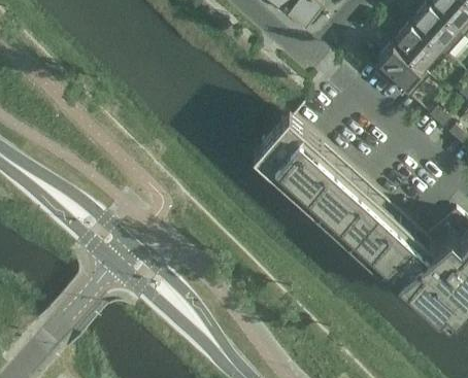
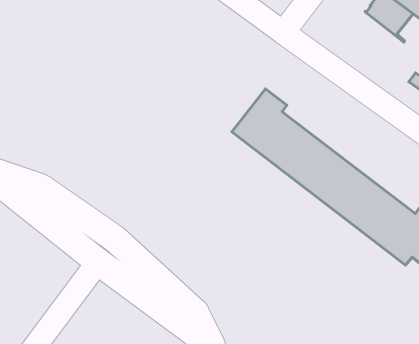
building: [370,48,424,101] -> none

